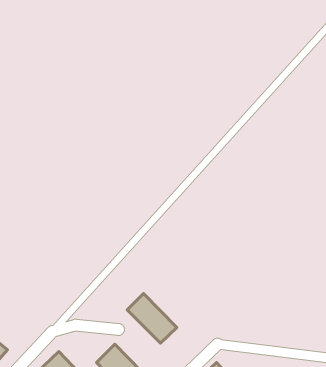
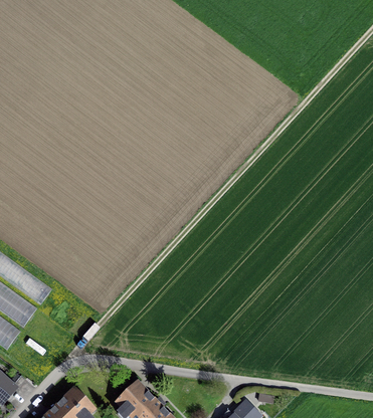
building: [127,293,177,343] -> none

